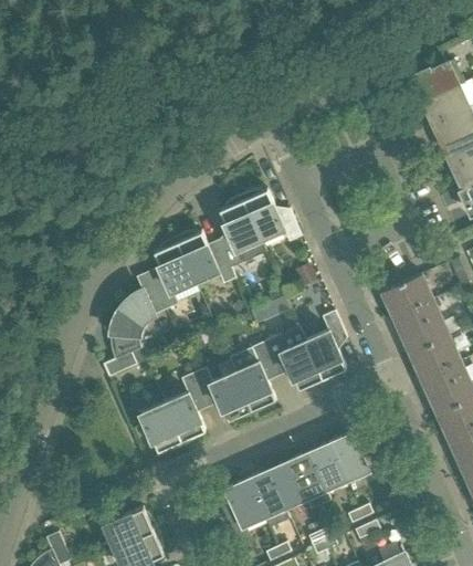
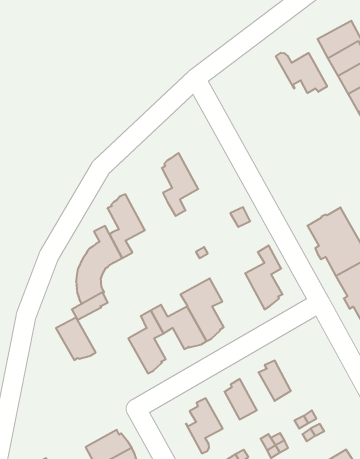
building: none -> [276,53,327,93]
building: [241,190,302,242] -> none
building: [176,232,236,284] -> none
building: [264,327,324,389] -> none
building: [140,403,183,452] -> [56,318,96,360]
building: [330,438,368,480] -> none
building: [288,455,330,510] -> none
building: [248,474,288,527] -> none

